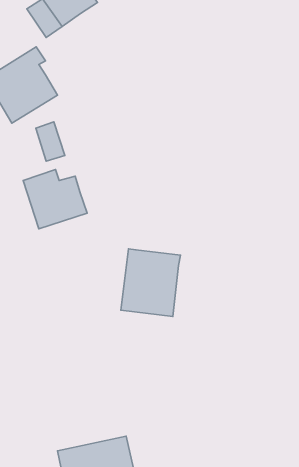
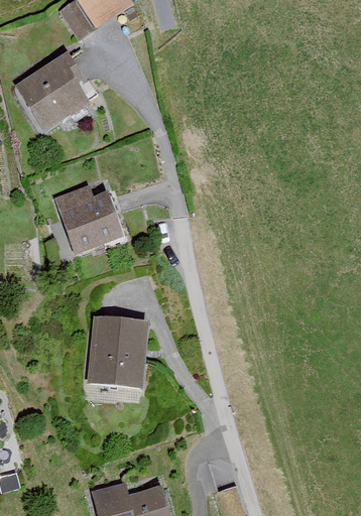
building: [36,122,65,161] -> none
building: [121,249,180,317] -> [86,313,150,387]

